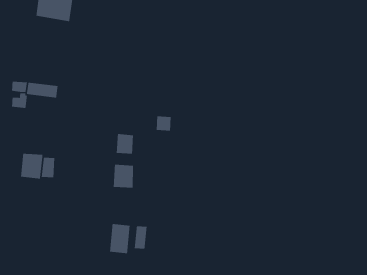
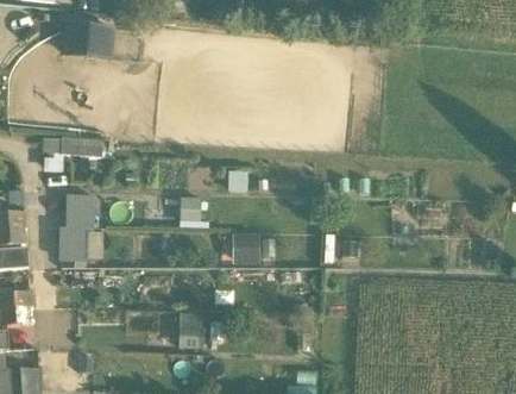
building: none -> [65,195,94,227]
building: [113,164,134,189] -> [232,232,258,262]

